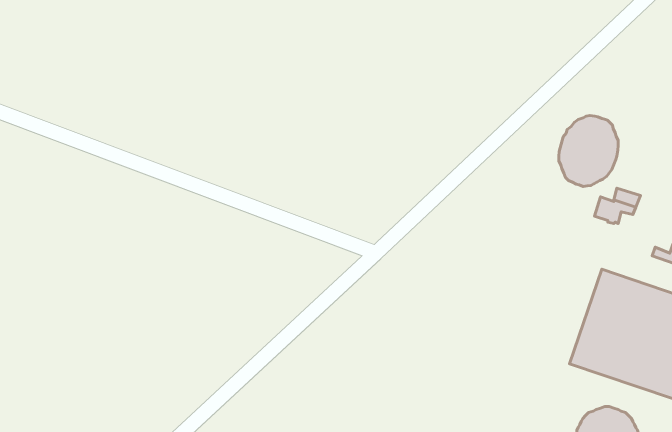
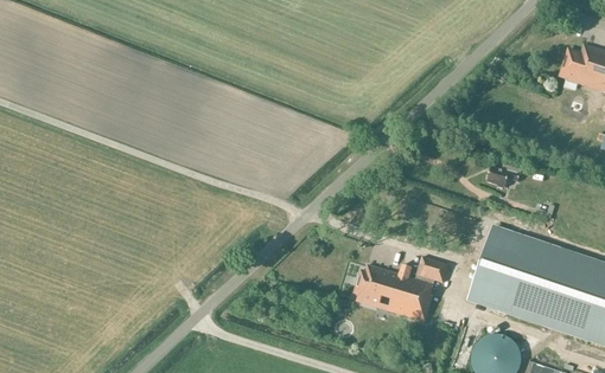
building: [559,116,618,187] -> none
building: none -> [354,256,448,321]

